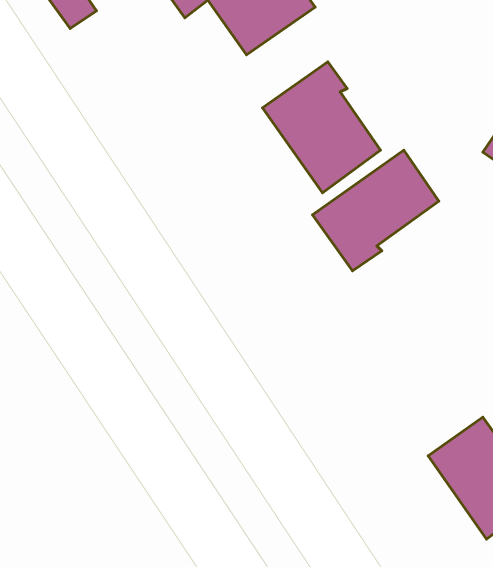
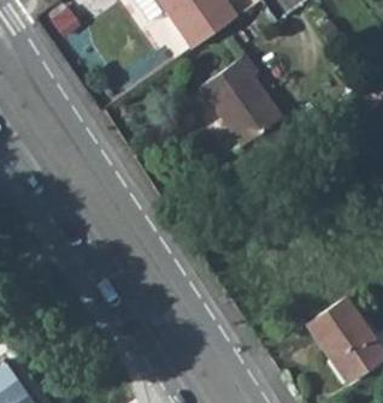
building: [313,150,439,271] -> none

